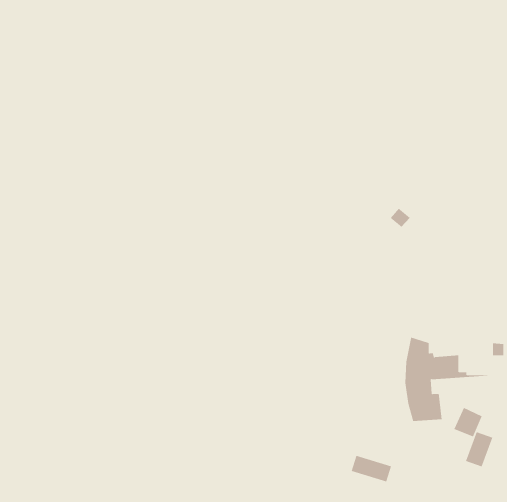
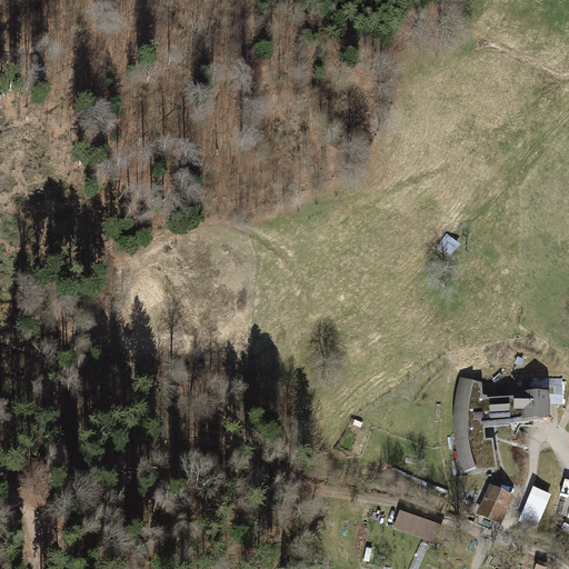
building: none -> [515,392,547,419]
building: [454,407,482,437] -> [479,483,511,517]

